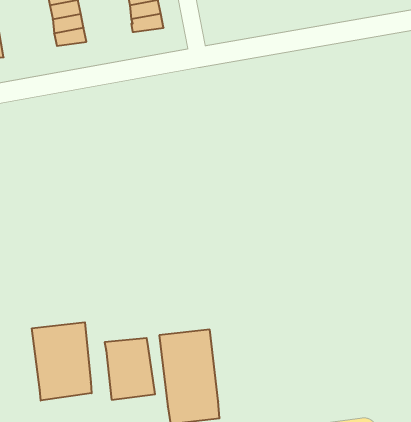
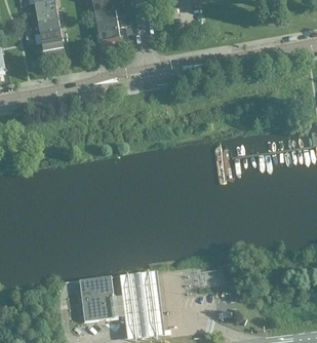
building: [32,322,92,401] -> none

